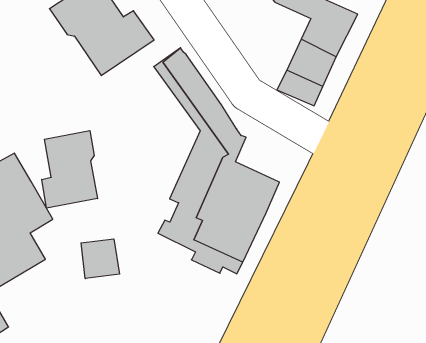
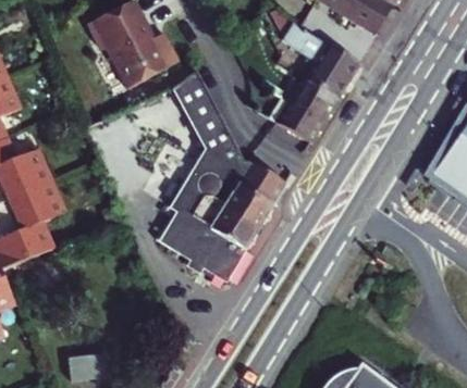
building: [42,131,98,208] -> none
building: none -> [235,159,285,202]
building: [81,239,119,279] -> none

